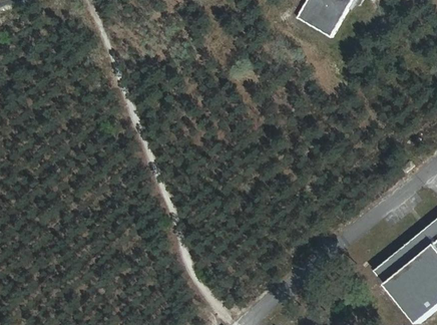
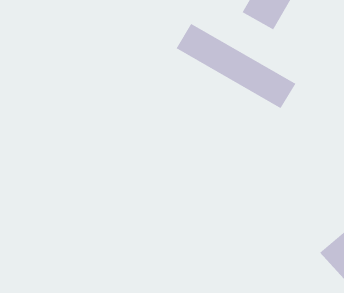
building: none -> [175,23,296,109]

